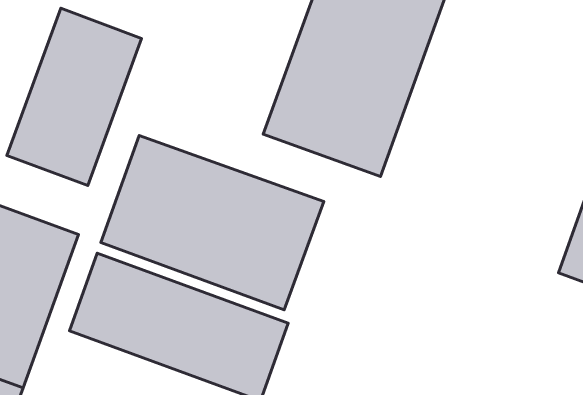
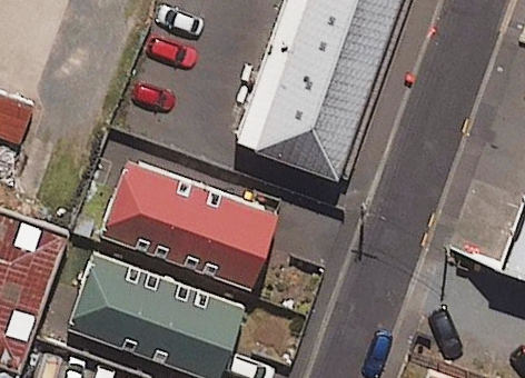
building: [7,8,142,186] -> none

